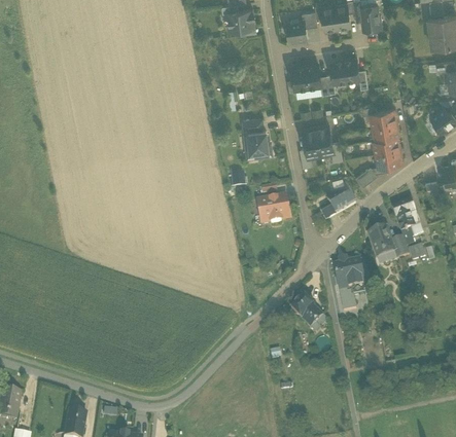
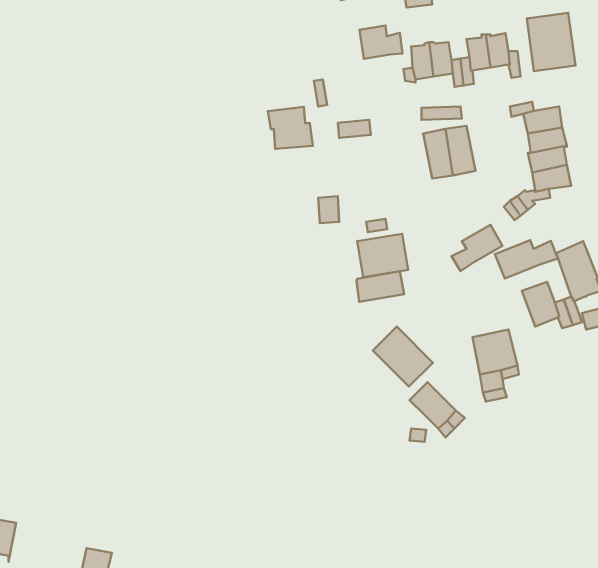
building: none -> [527,13,576,71]
building: none -> [359,26,403,59]
building: [242,129,273,157] -> [268,107,313,149]
building: none -> [495,240,558,279]
building: none -> [356,271,404,302]
building: none -> [373,327,433,387]

